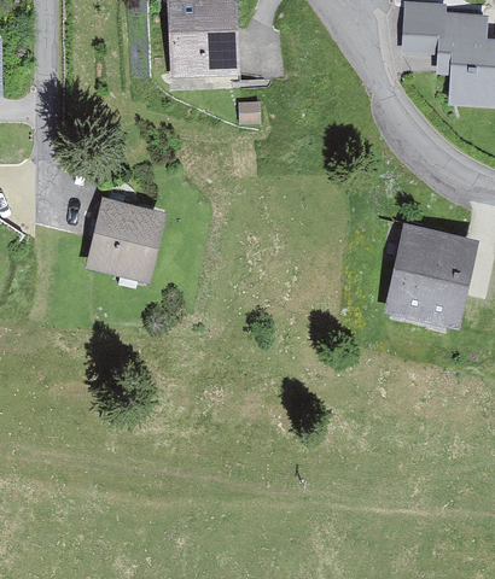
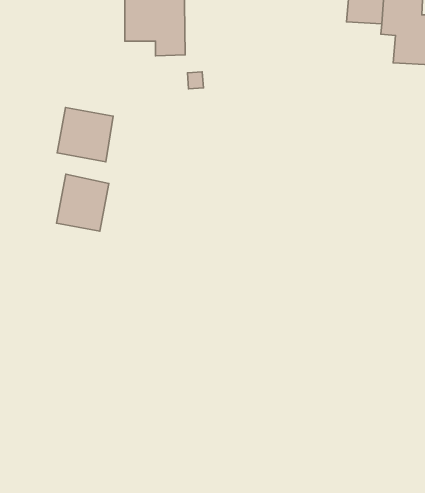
building: none -> [57,108,113,162]
building: [402,239,470,316] -> none

